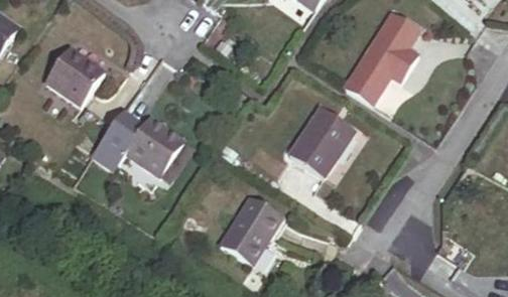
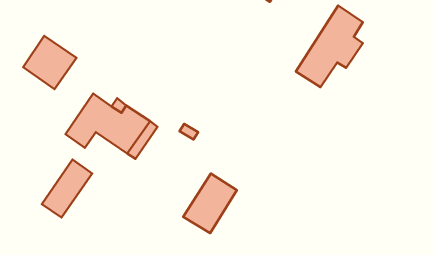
building: [291,109,354,175] -> none
building: none -> [42,160,92,217]

